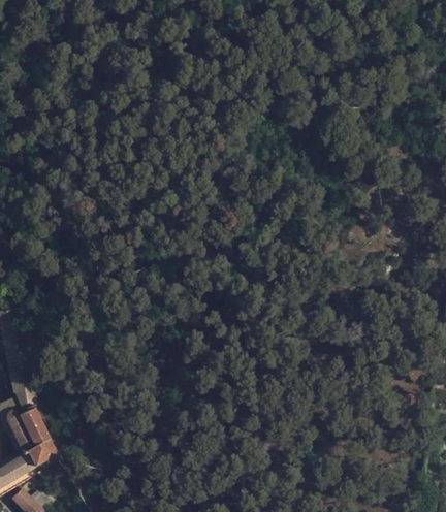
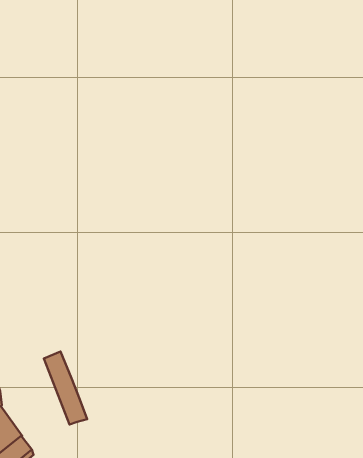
building: none -> [44,352,87,424]

